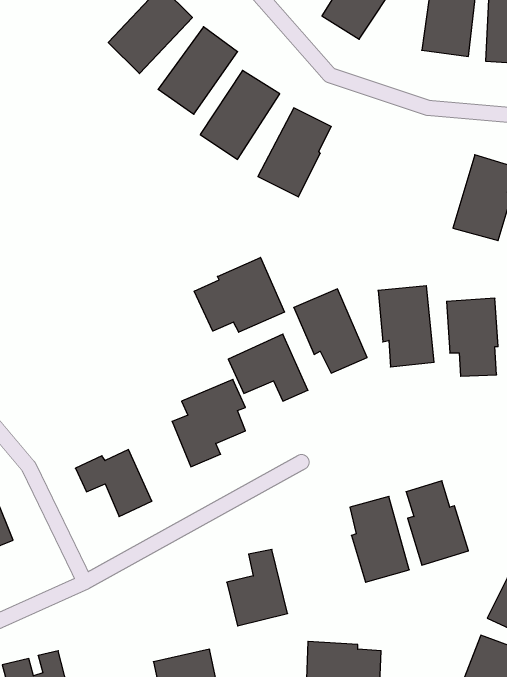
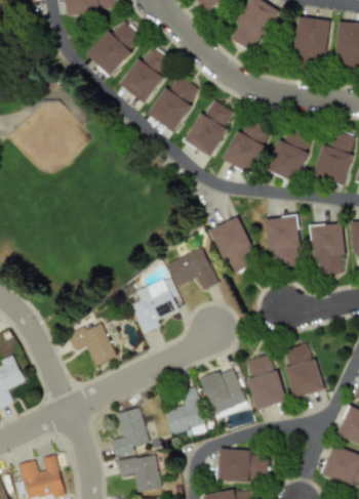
building: none -> [223,118,271,173]
building: none -> [267,127,313,181]
building: [194,257,284,332] -> none
building: none -> [199,367,246,415]
building: none -> [111,408,148,457]

